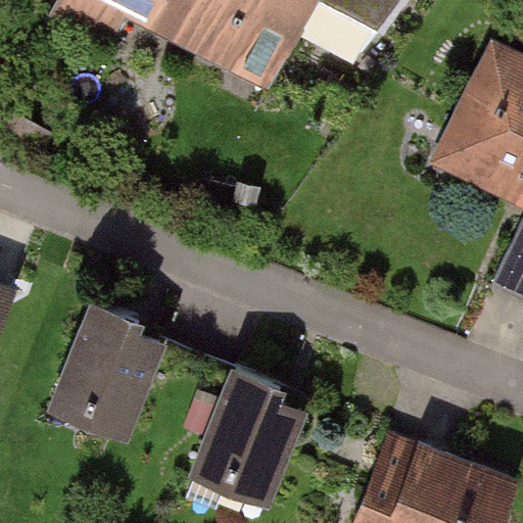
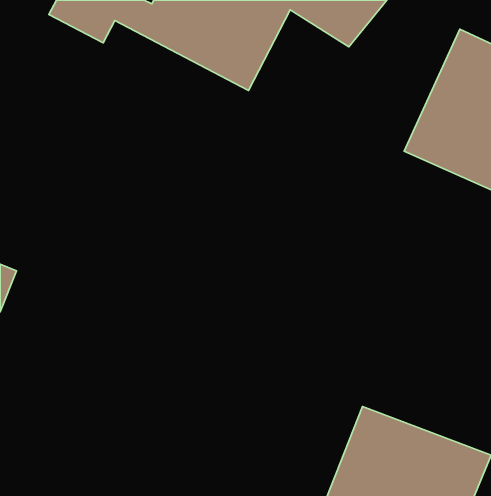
building: [34,290,169,442] -> none
building: [182,361,306,503] -> none

